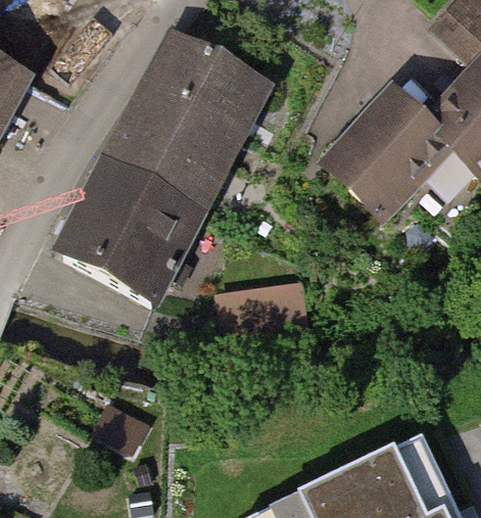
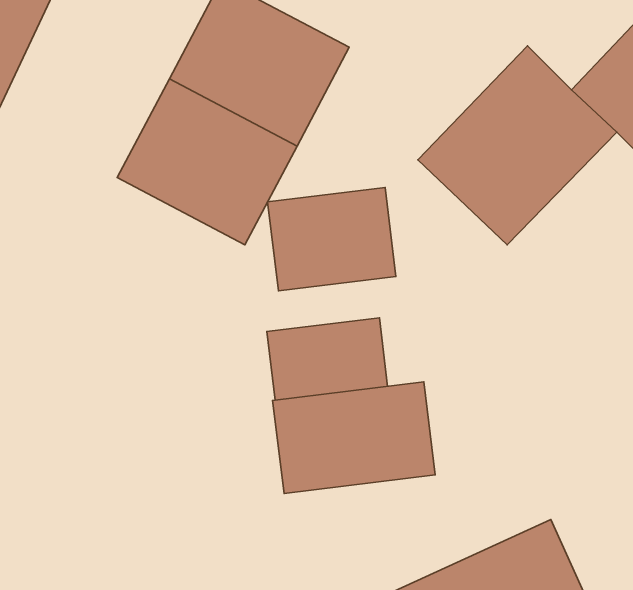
building: [57,178,191,301] -> none
building: none -> [268,188,396,291]
building: none -> [273,382,435,493]

